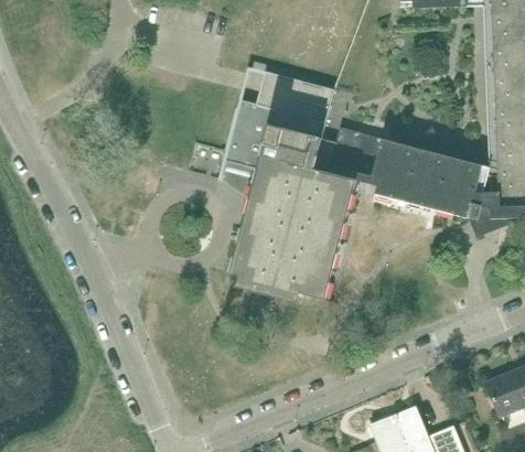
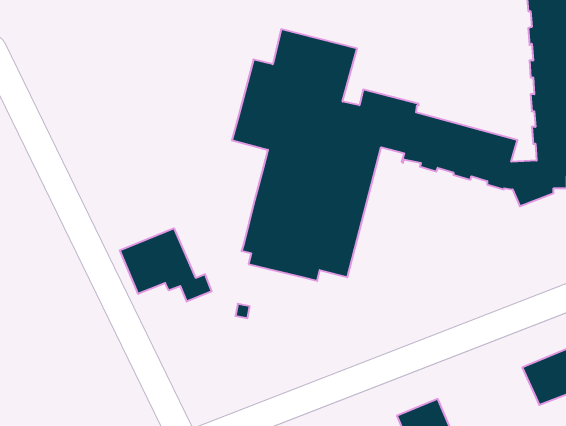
building: none -> [120,228,212,302]

